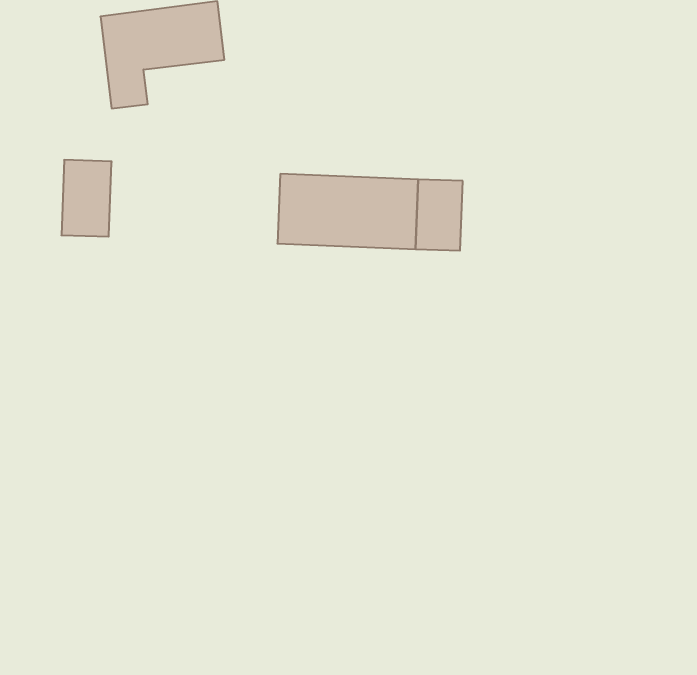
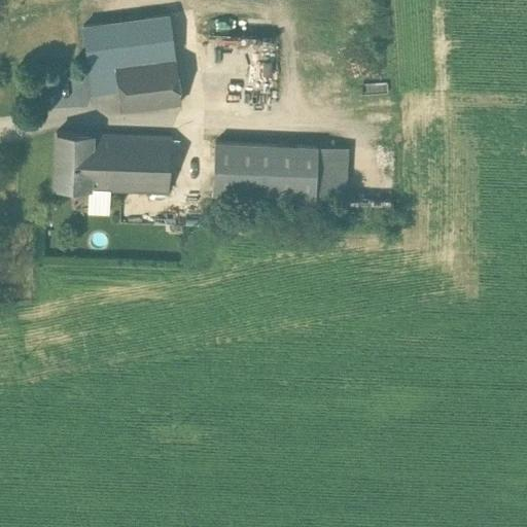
building: none -> [115,60,181,112]
building: none -> [90,136,171,192]

